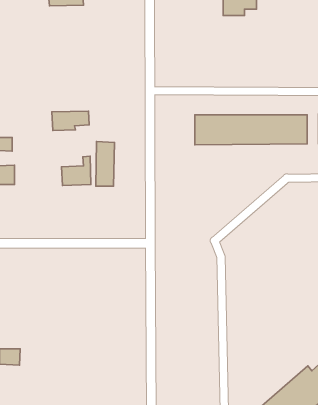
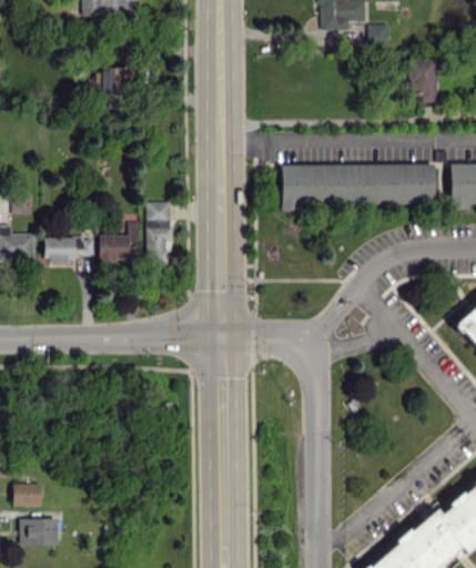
building: none -> [369,23,392,47]
building: none -> [412,58,438,102]
building: none -> [100,68,133,95]
building: [52,111,89,131] -> [44,236,95,263]
building: none -> [21,518,60,545]

